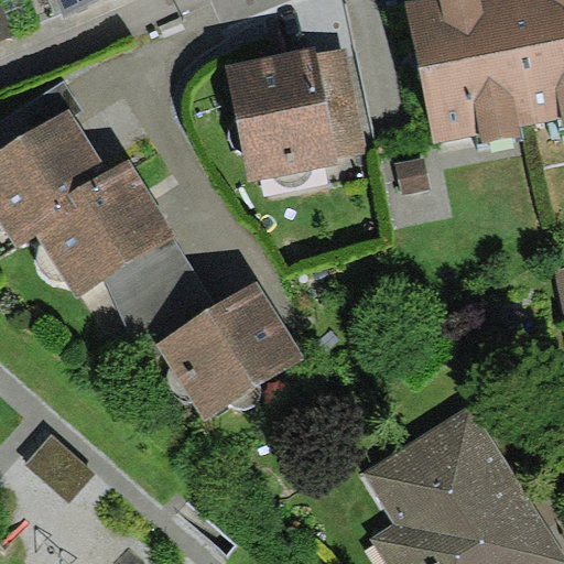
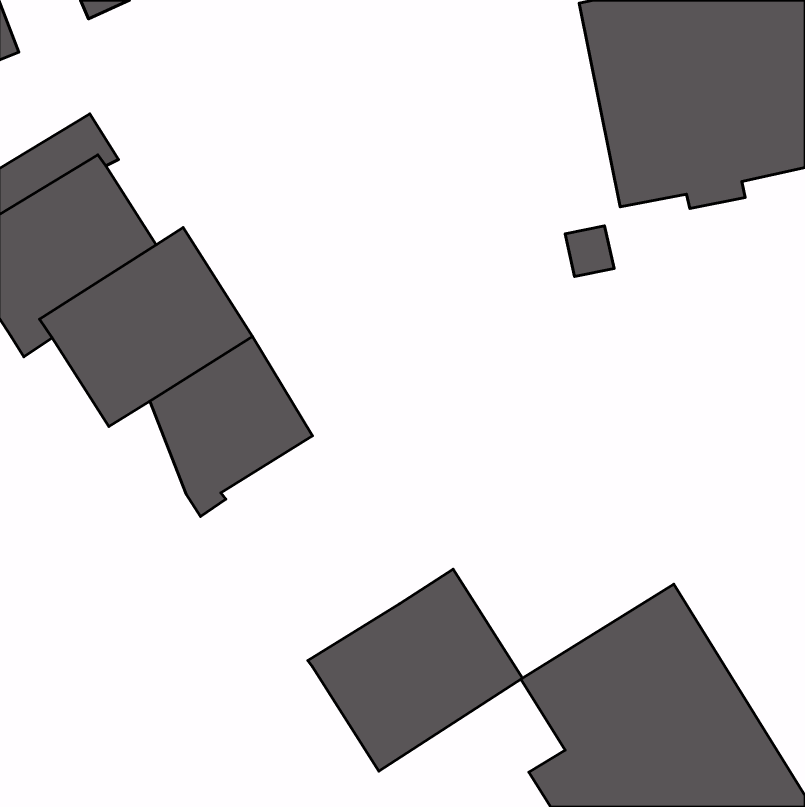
building: [225,47,366,183] -> none
building: [154,280,304,421] -> [308,569,523,771]

